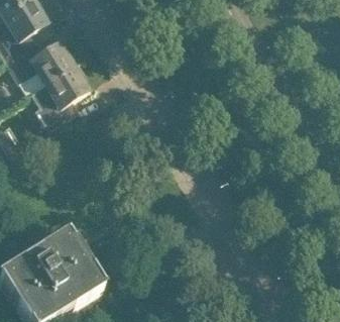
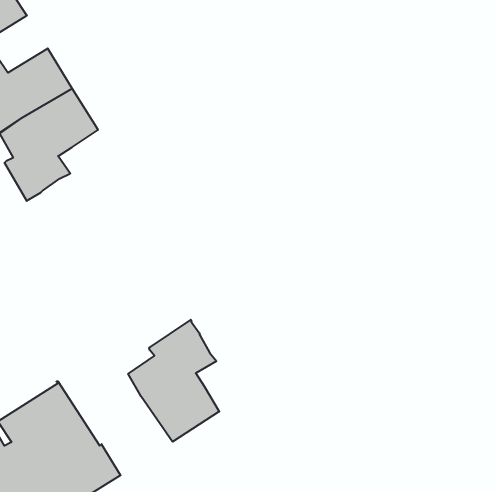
building: none -> [128,320,219,442]

